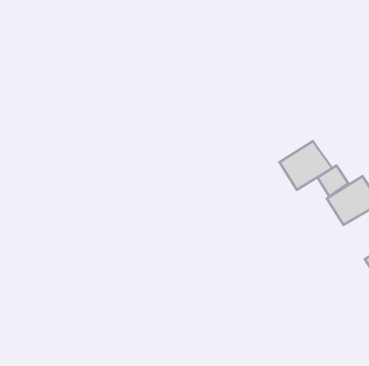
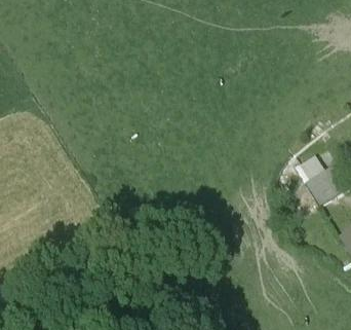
building: [279,141,332,190] -> none

